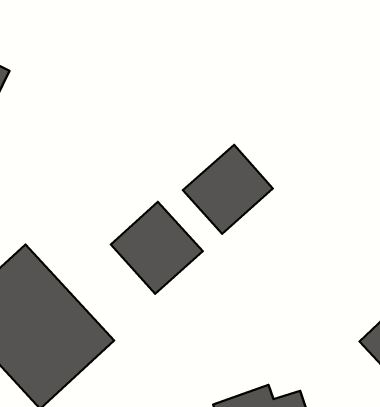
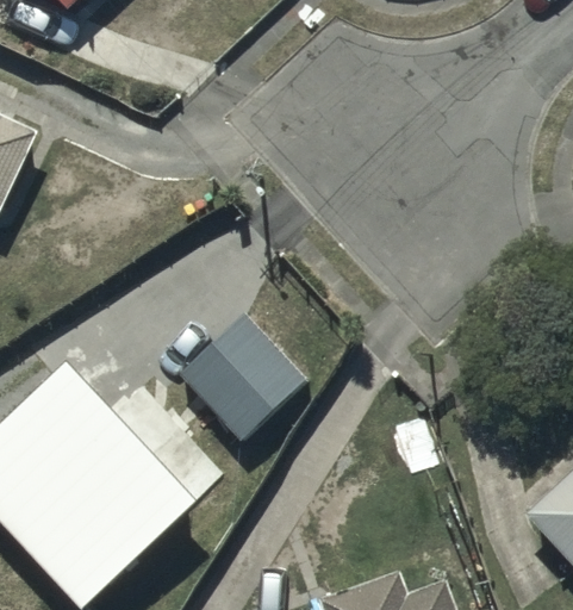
building: [183,145,273,234] -> none

